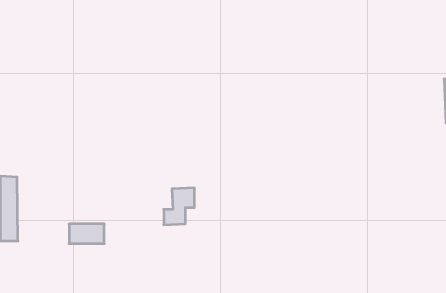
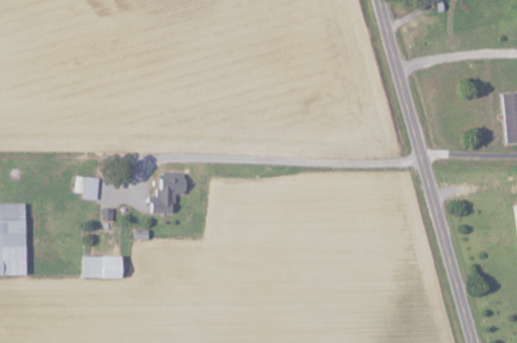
building: none -> [77,177,99,200]
building: [164,188,194,225] -> [150,173,185,214]

